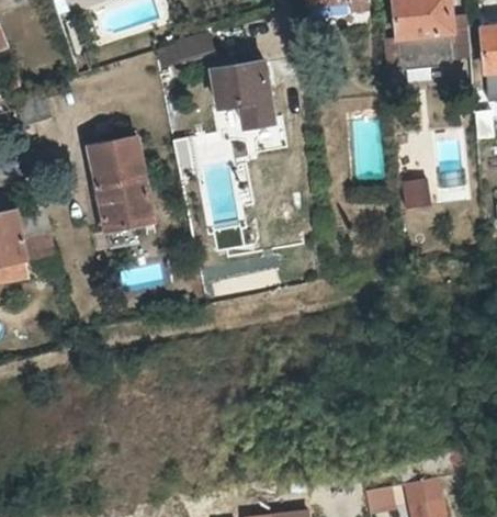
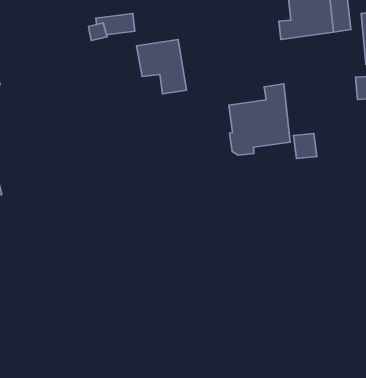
building: none -> [229,84,290,155]
building: [89,137,151,231] -> none

